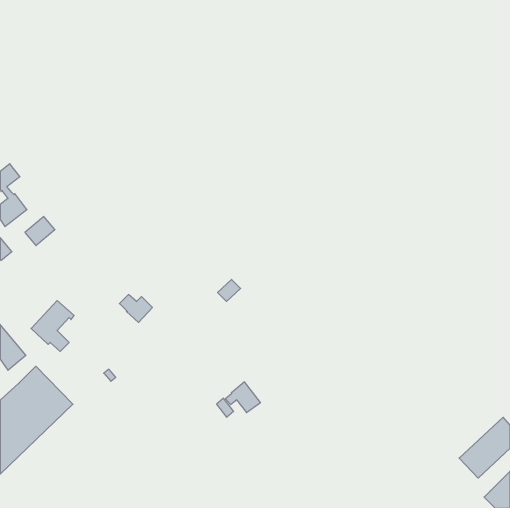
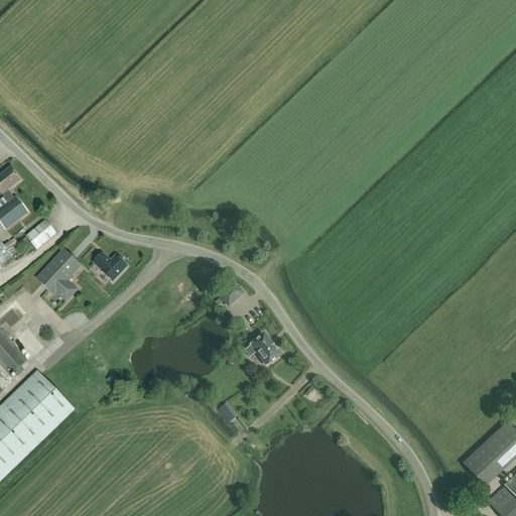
building: [119,295,152,322] -> [93,252,126,280]
building: [31,301,74,351] -> [36,249,80,300]
building: [226,382,260,413] -> [245,333,280,364]

